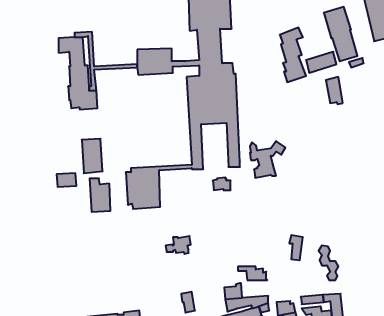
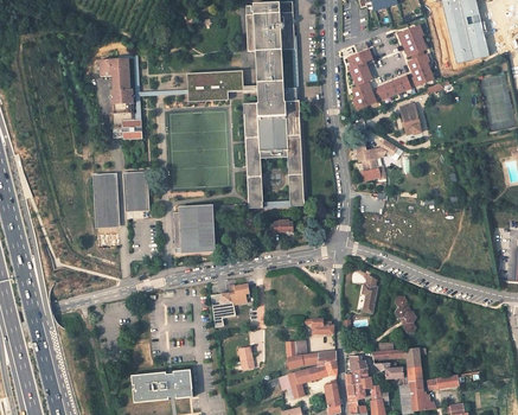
building: [250,141,285,178] -> [356,139,396,180]
building: [90,178,110,212] -> [94,175,117,213]

